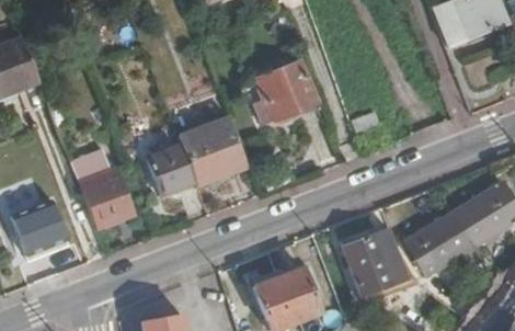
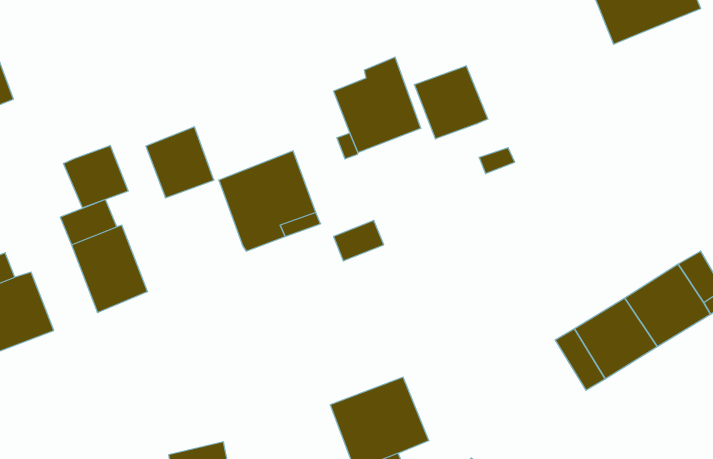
building: none -> [414,66,488,139]
building: none -> [64,145,128,208]
building: [148,145,194,193] -> [146,127,214,198]
building: [344,235,398,297] -> none

